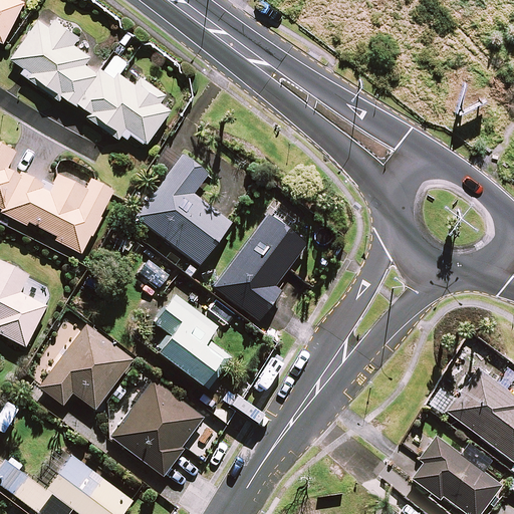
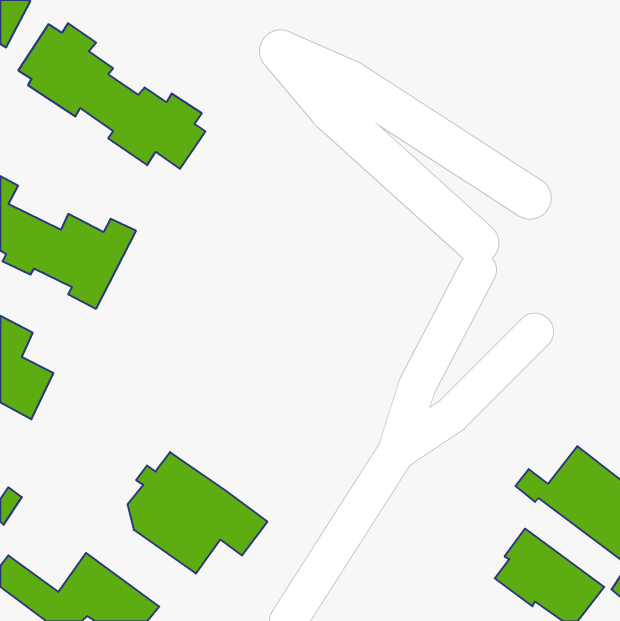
building: [137,156,231,265] -> none
building: [216,217,307,320] -> none
building: [156,287,231,389] -> none
building: [40,326,133,410] -> none

